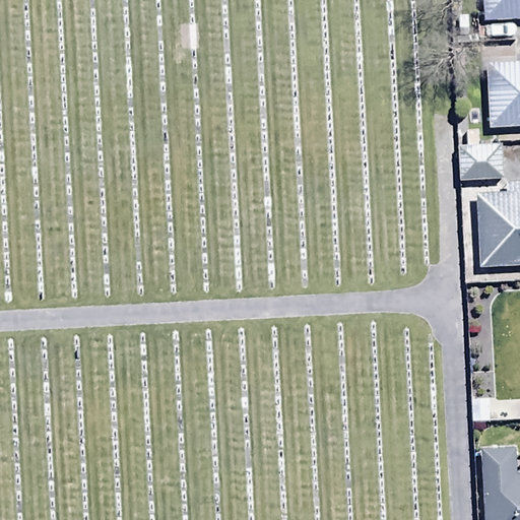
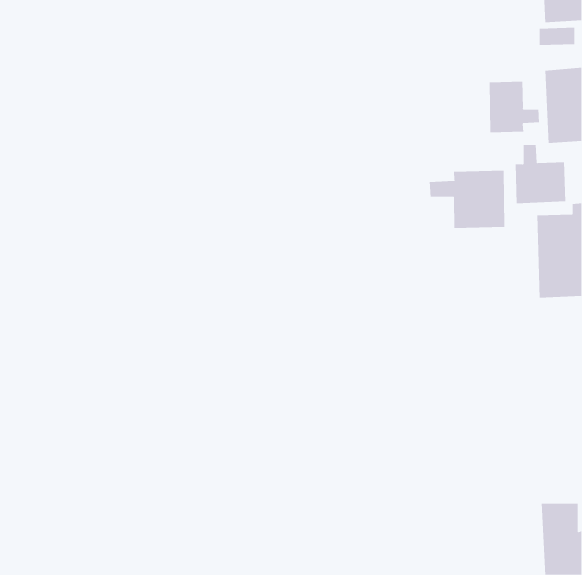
building: none -> [489,81,540,133]
building: none -> [429,170,505,229]

